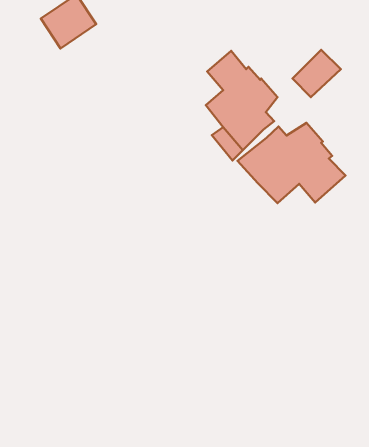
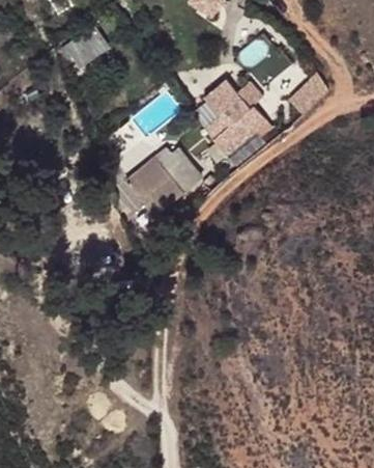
building: [237,123,345,203] -> none
building: none -> [128,142,200,211]

